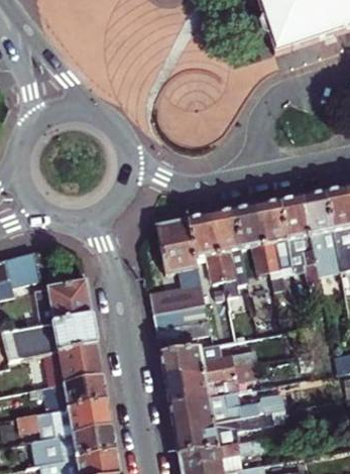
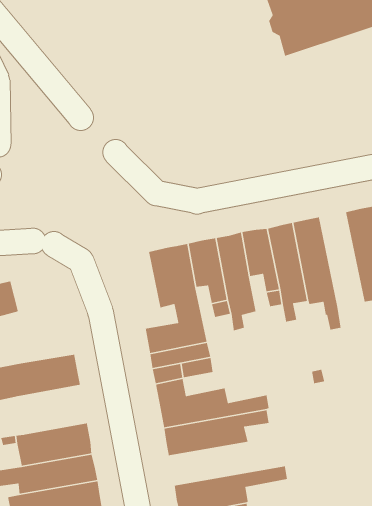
building: [303,191,341,273] -> none
building: [36,277,91,322] -> none
building: [41,341,102,383] -> none
building: [171,390,286,428] -> none

